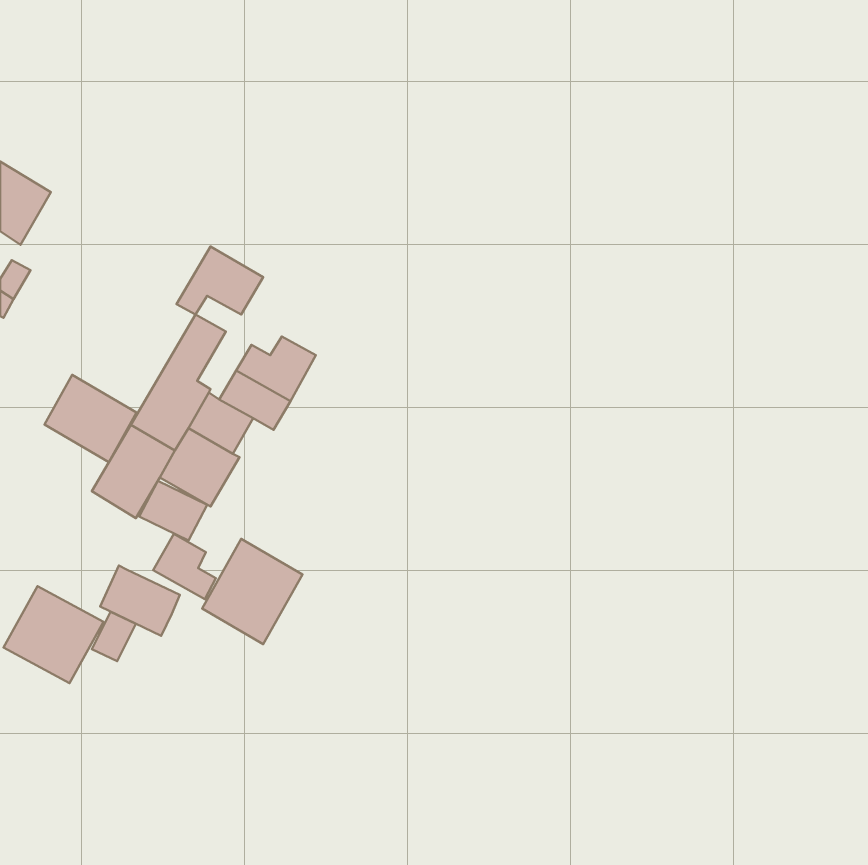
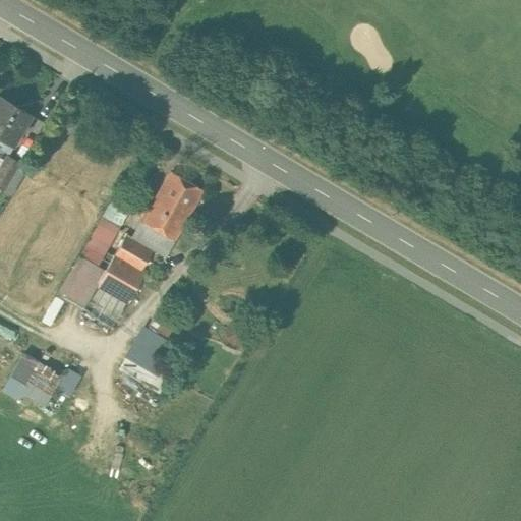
building: [177,246,263,314] -> [151,174,202,215]
building: [44,375,137,462] -> none
building: [153,534,216,599] -> none
building: [100,565,180,636] -> none

